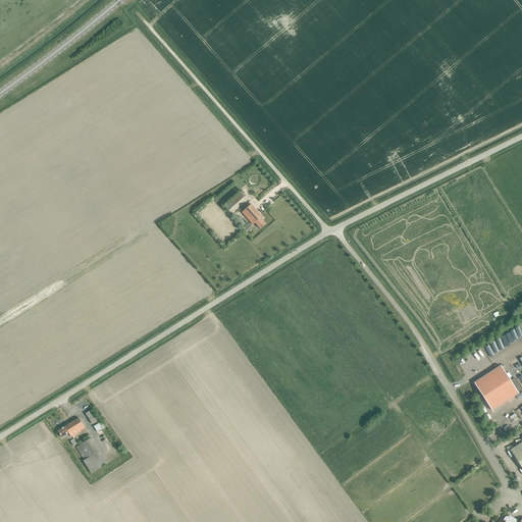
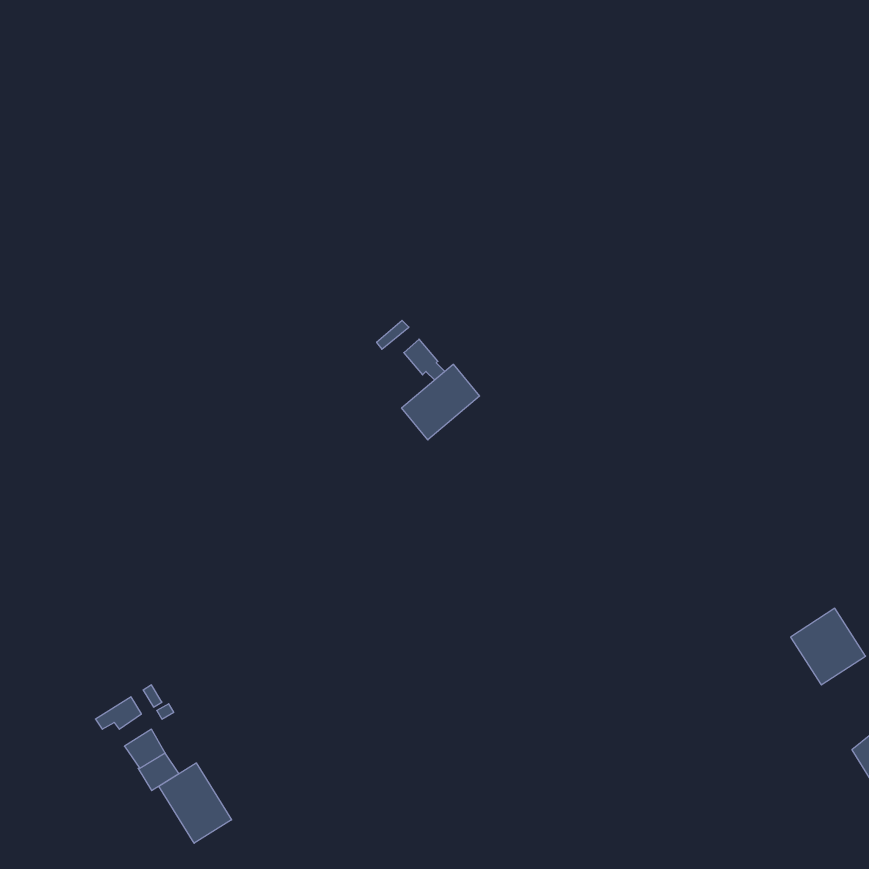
building: none -> [402,364,480,440]
building: none -> [159,763,232,843]

